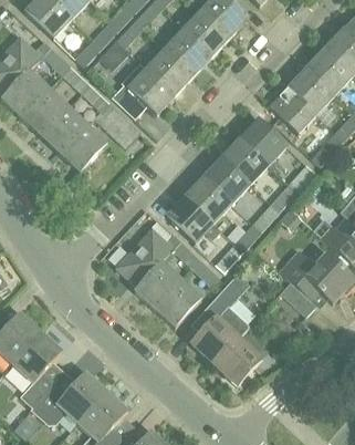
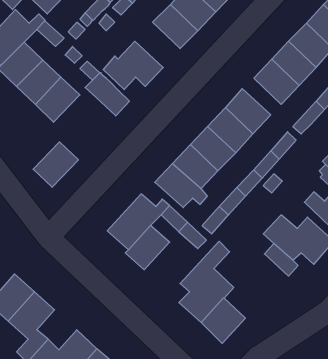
building: [145,48,192,95] -> none
building: [60,124,107,172] -> [33,142,78,187]
building: [155,279,202,327] -> none

